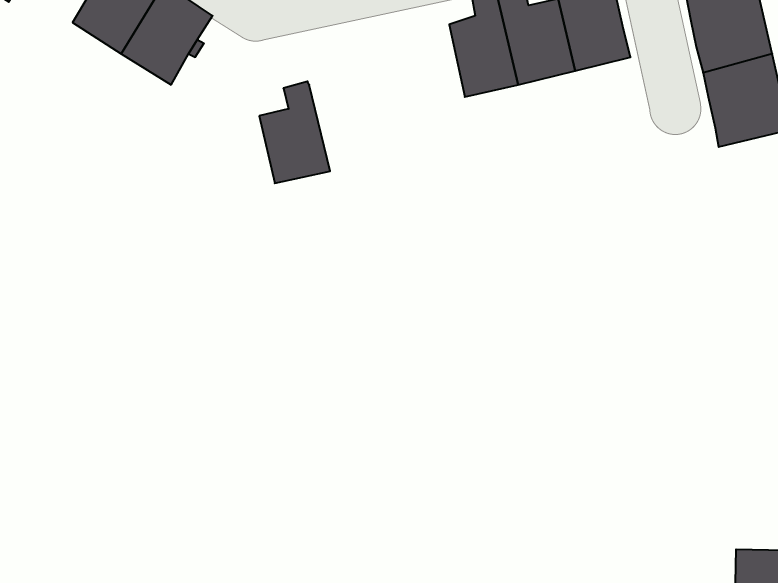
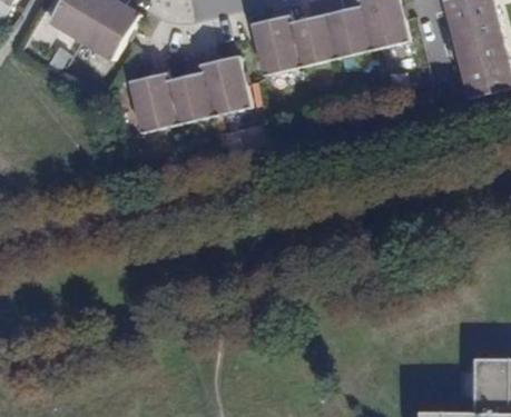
building: none -> [253,9,301,76]
building: none -> [200,54,249,115]
building: none -> [130,66,178,131]

